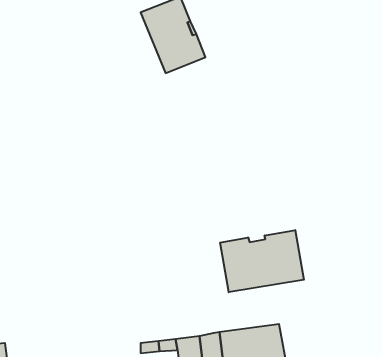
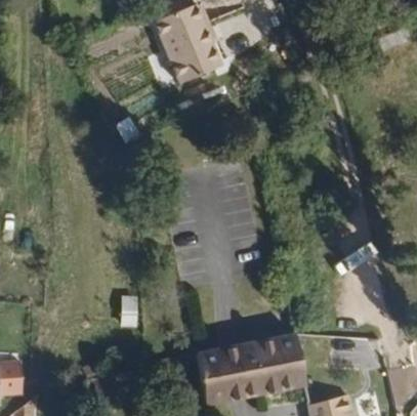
building: [220,230,304,292] -> none

